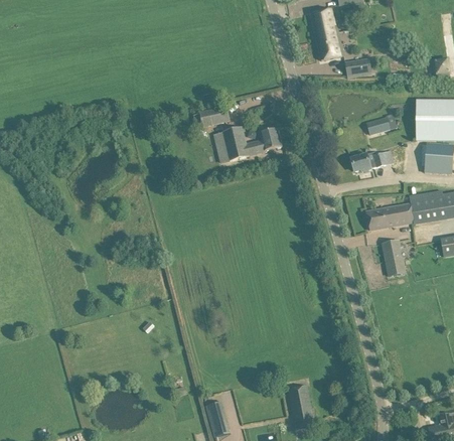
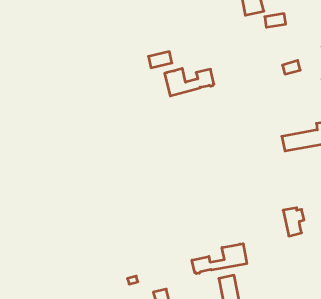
building: [350,151,387,171] -> none
building: [382,241,408,276] -> [283,208,304,236]
building: none -> [192,244,247,274]

